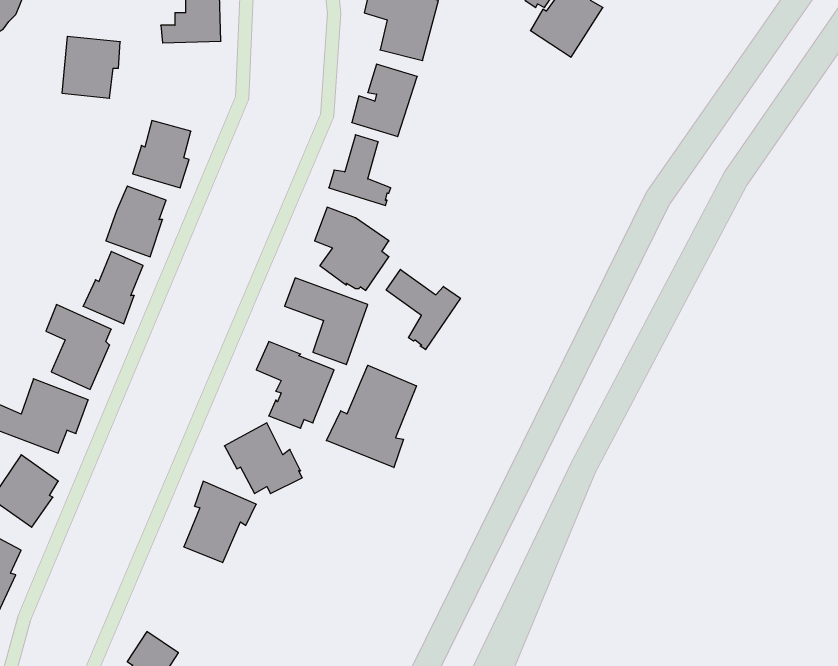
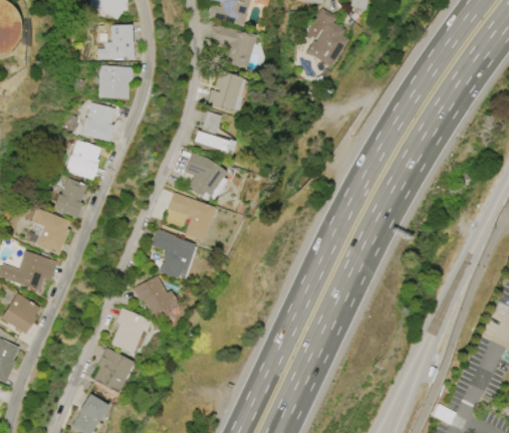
building: [62,36,120,98] -> [99,64,133,99]
building: [386,269,460,350] -> none
building: [326,365,416,468] -> none
building: none -> [93,347,134,392]

